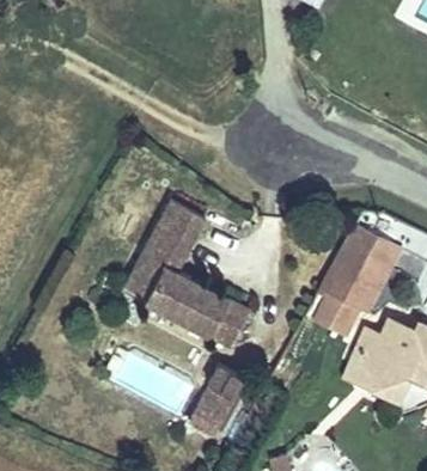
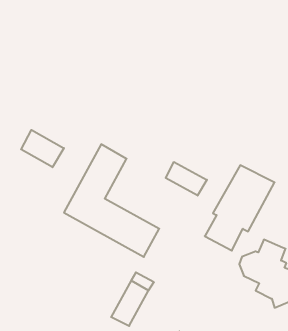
building: none -> [21,130,64,167]
building: none -> [166,162,207,196]

